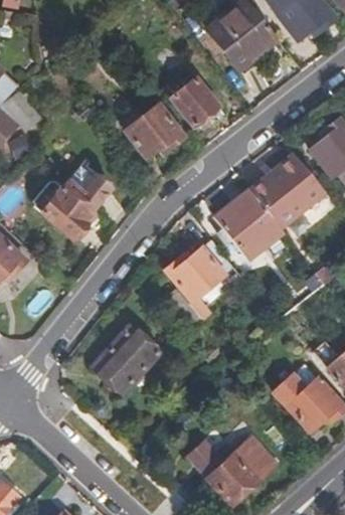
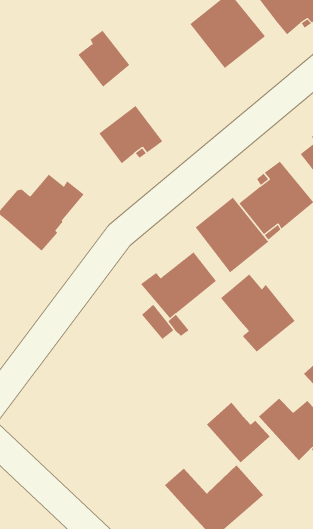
building: [172,74,220,128] -> [78,30,130,88]
building: none -> [220,273,296,353]
building: [93,325,158,391] -> none
building: none -> [206,402,270,463]

